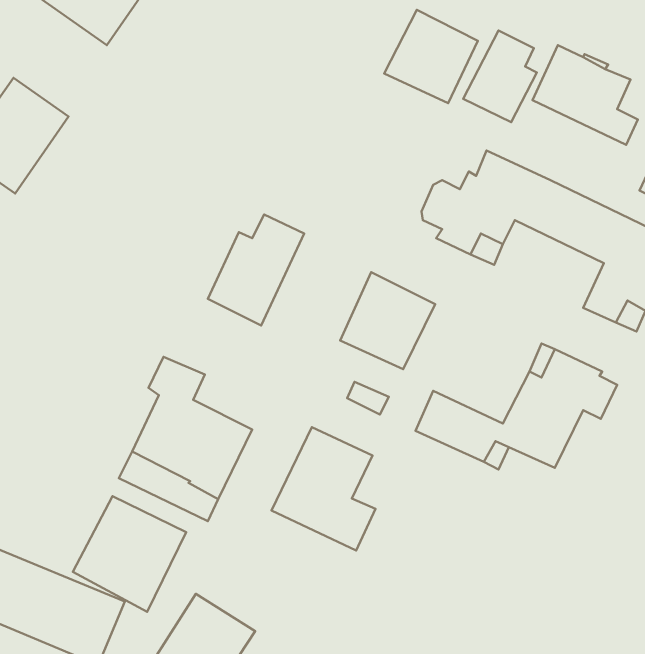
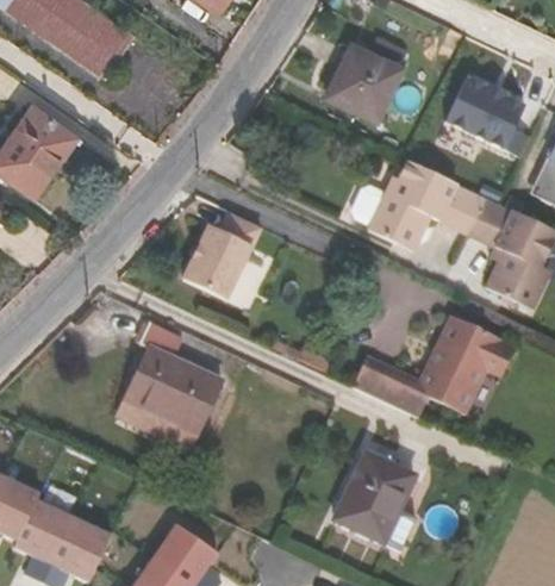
building: [463,31,537,122] -> none
building: [340,272,435,369] -> none
building: [272,427,375,550] -> [333,453,417,551]
building: [73,496,186,612] -> none

